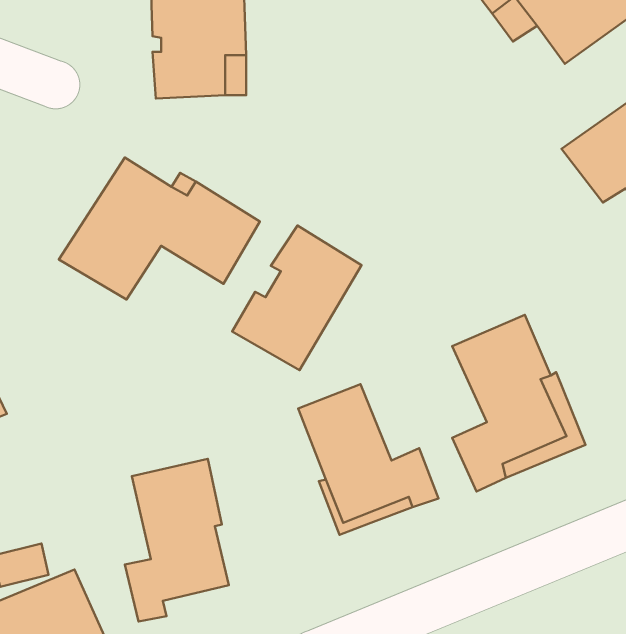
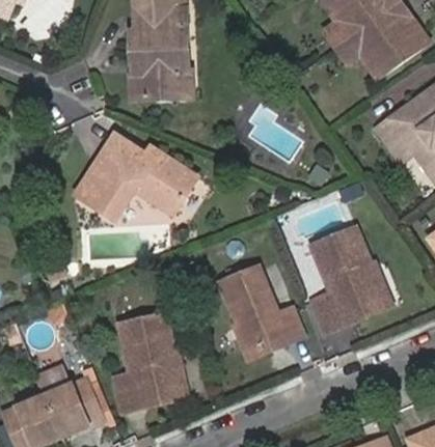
building: [232,226,361,370] -> none
building: none -> [138,352,189,408]

